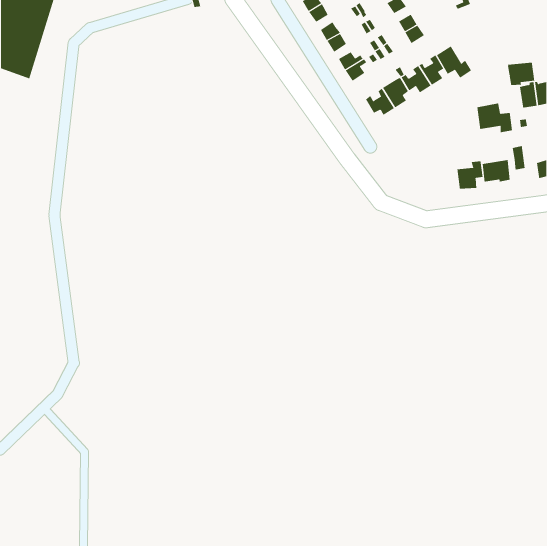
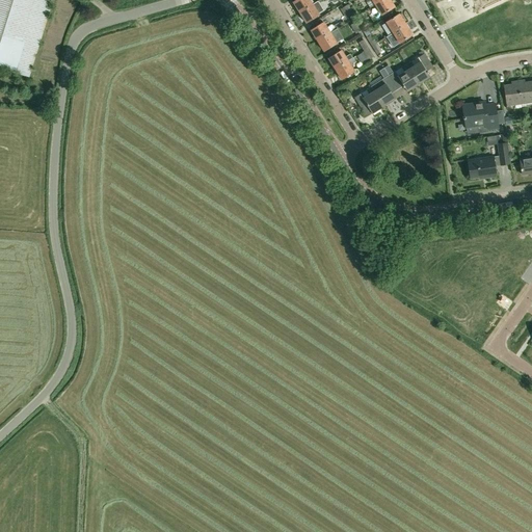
building: [436,46,472,79] -> none
building: [507,62,535,86] -> none
building: [457,161,483,190] -> none

